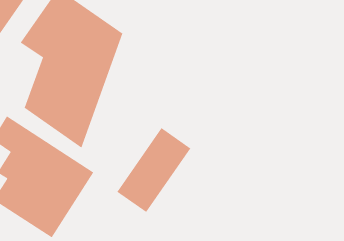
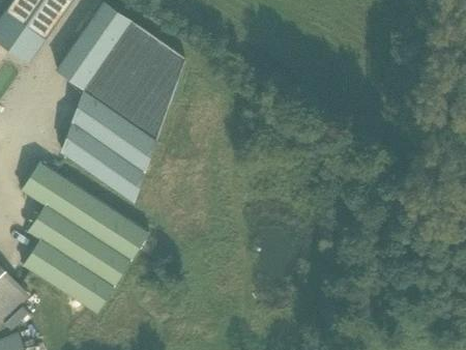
building: [116,127,191,213] -> none

